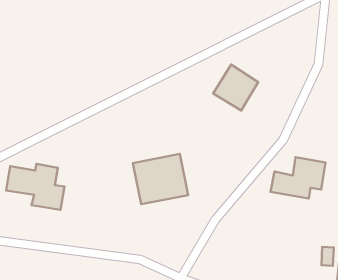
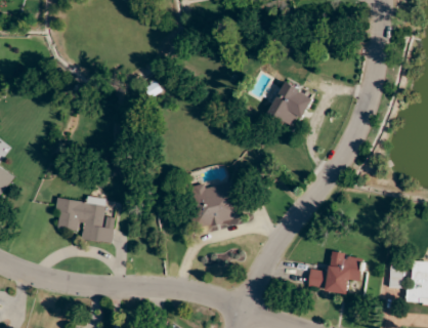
building: [270,157,325,199] -> [308,251,365,294]

